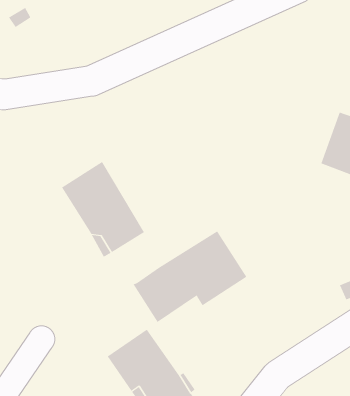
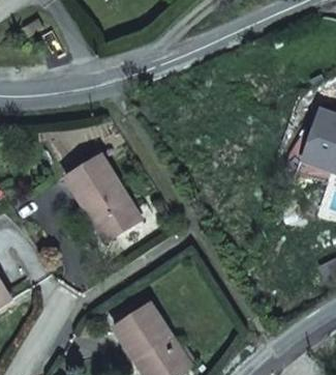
building: [133,230,247,323] -> none

